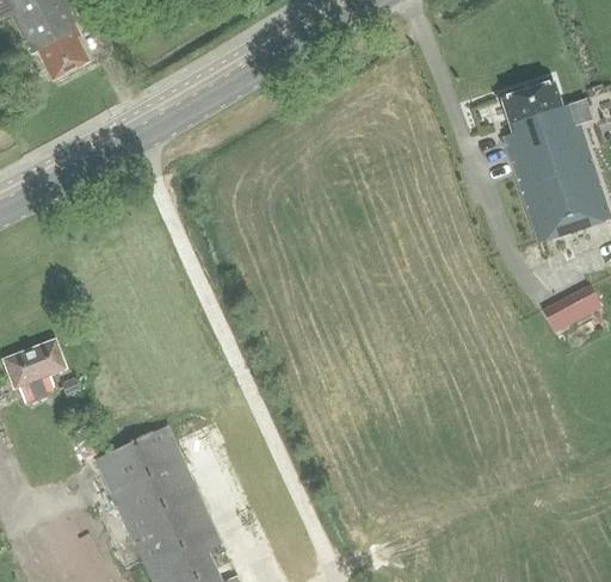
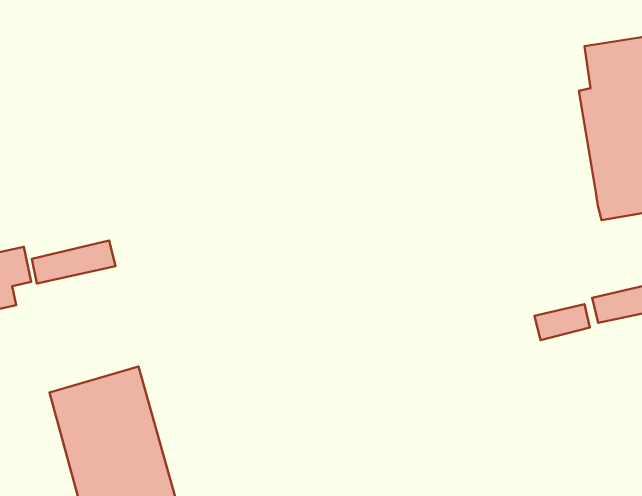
building: none -> [535,304,590,340]
building: none -> [32,241,115,283]

